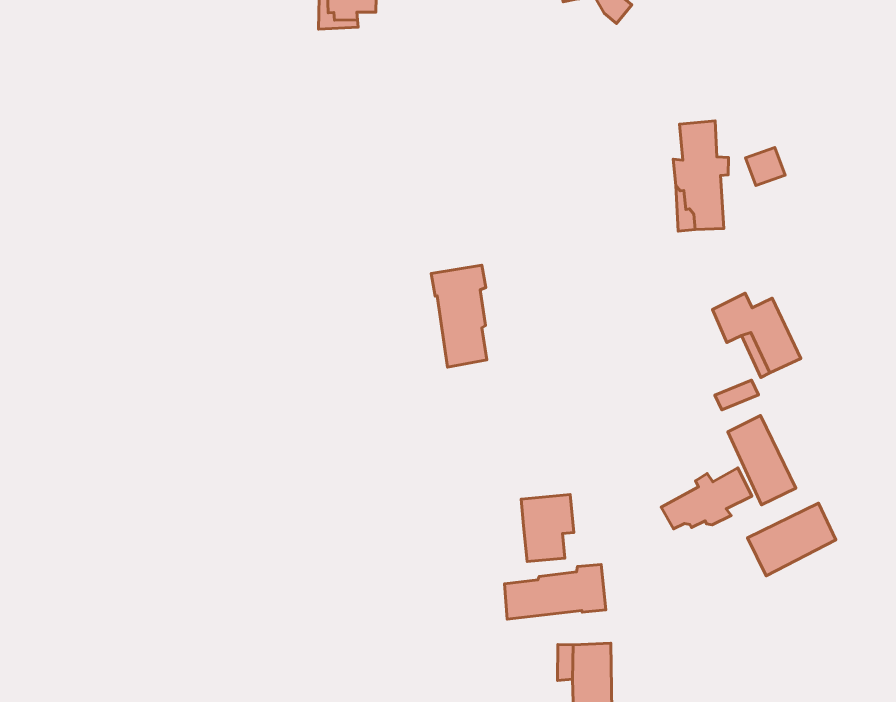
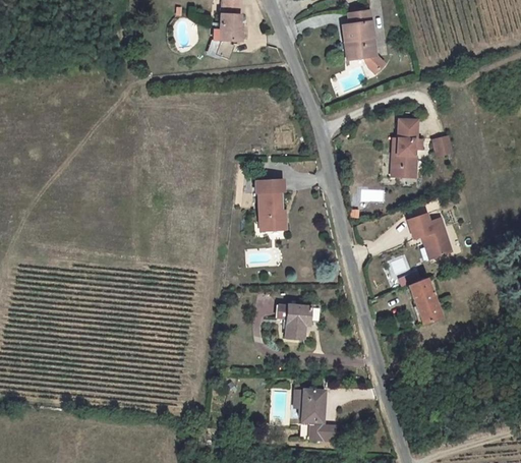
building: [661,468,752,529] -> none
building: [747,503,836,576] -> none
building: [504,564,606,619] -> none

